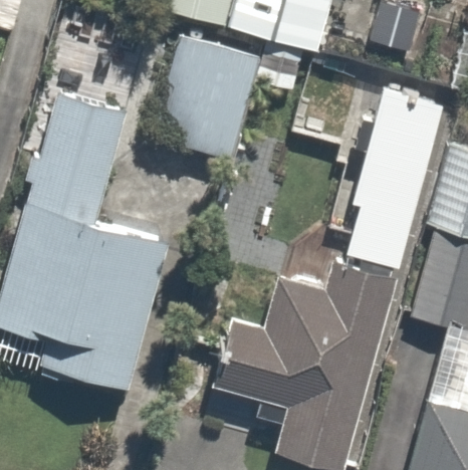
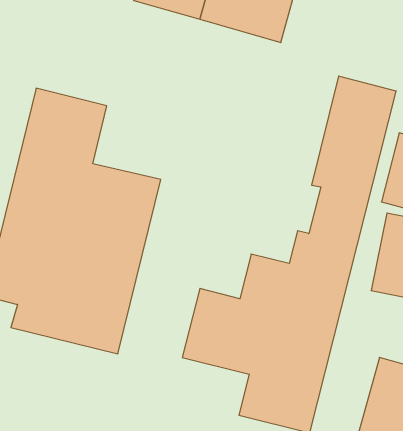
building: [145,34,268,164] -> none

